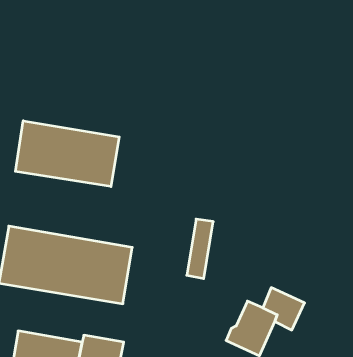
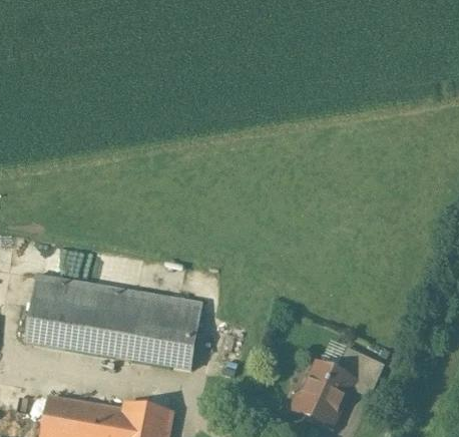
building: [15,121,119,187] -> none
building: [187,219,213,279] -> [169,300,200,370]

